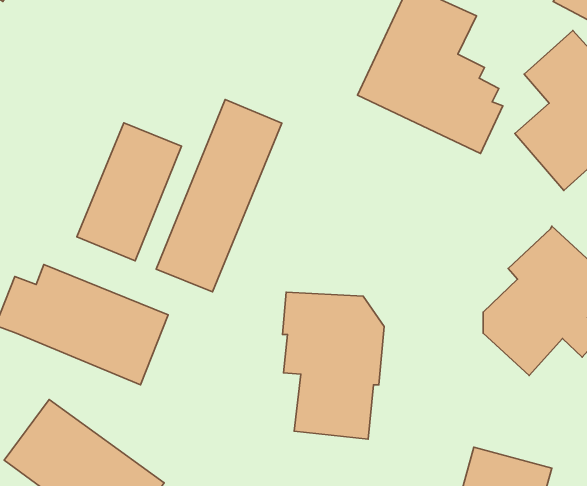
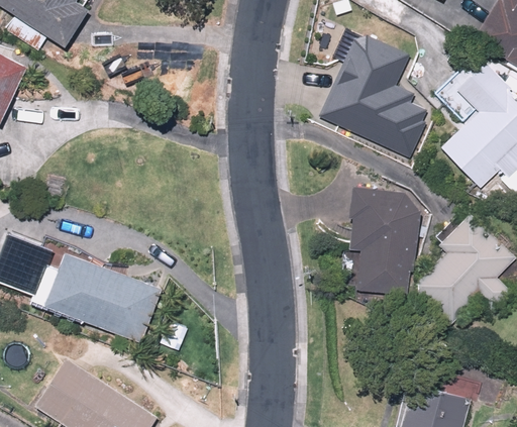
building: [156,99,282,292] -> none
building: [77,123,182,261] -> none
building: [282,292,384,439] -> [341,191,419,303]

